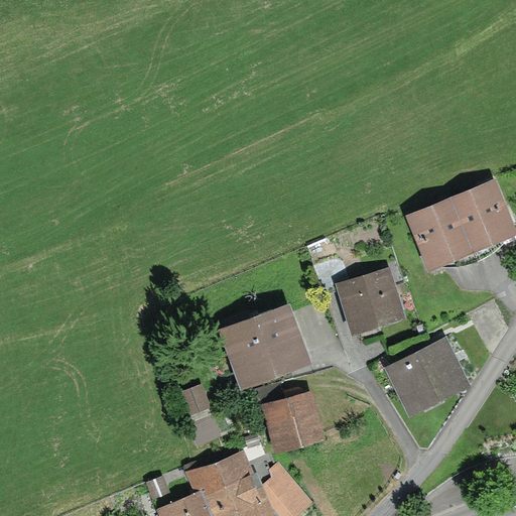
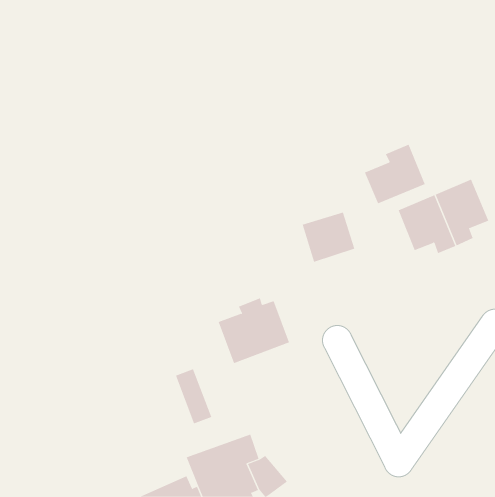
building: none -> [364,144,426,204]
building: [341,273,396,326] -> [302,212,355,263]
building: [391,344,459,405] -> none
building: [264,397,311,446] -> none

